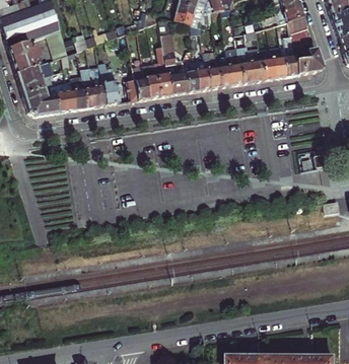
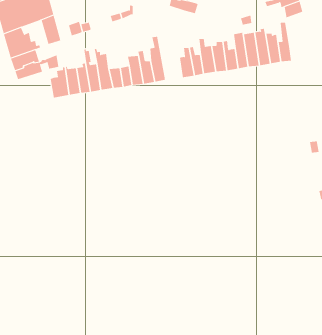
building: [160,31,187,93] -> none
building: [294,48,322,74] -> none
building: [22,83,58,115] -> none

